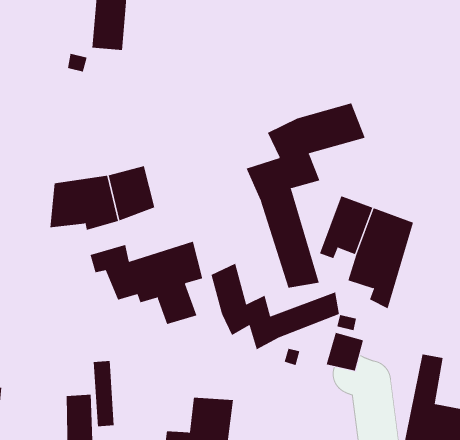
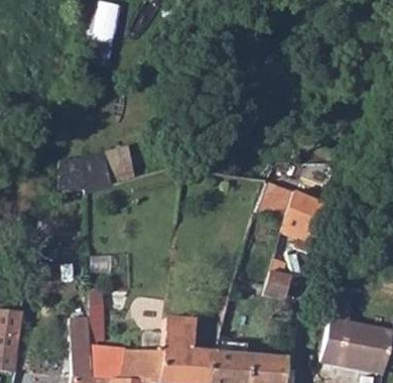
building: [246,102,365,288] -> none
building: [90,241,203,325] -> none
building: [211,263,339,350] -> none

